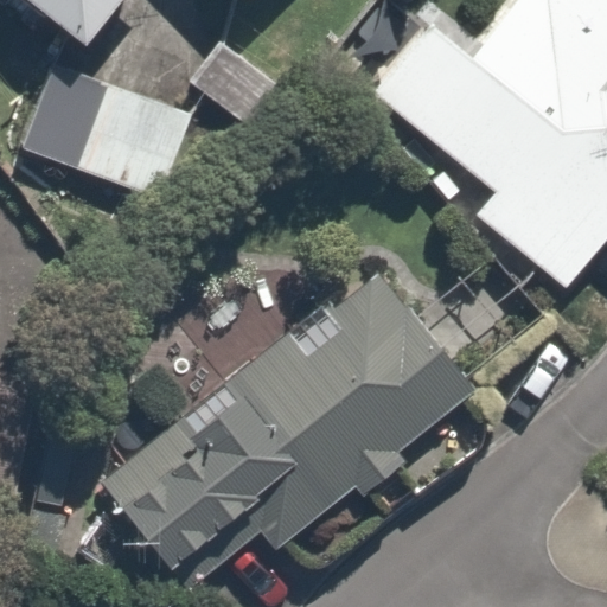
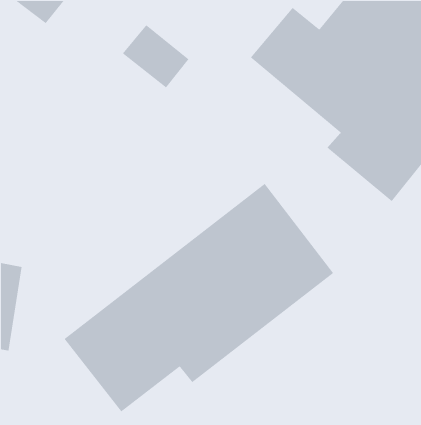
building: [18,57,194,197] -> none

